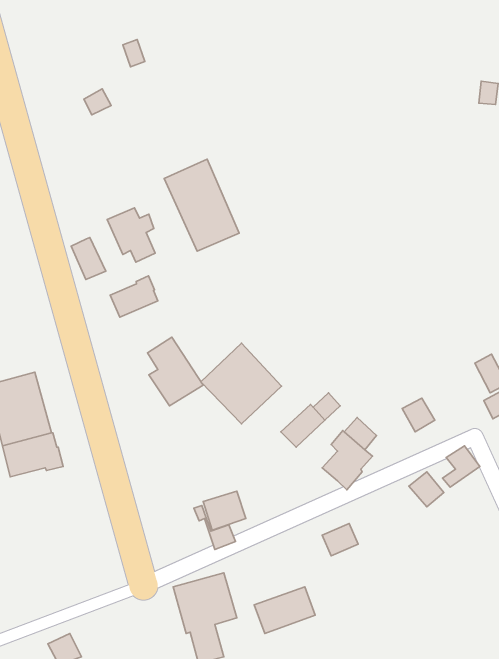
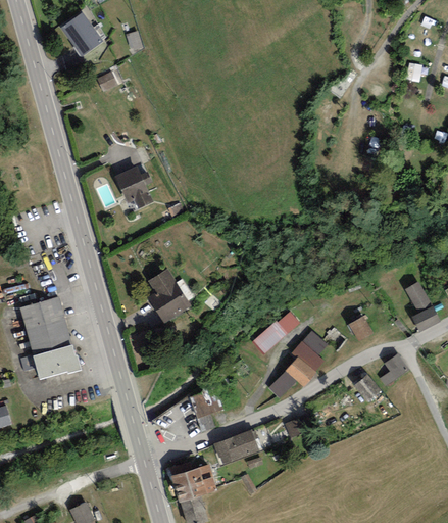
building: none -> [60,10,103,56]
building: [164,159,239,251] -> none
building: [71,238,106,280] -> none
building: [110,276,158,317] -> none
building: [201,343,281,424] -> none
building: none -> [268,371,297,400]
building: [254,587,315,633] -> [212,429,260,466]

